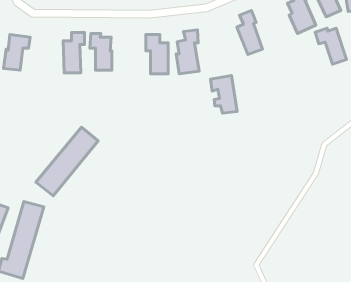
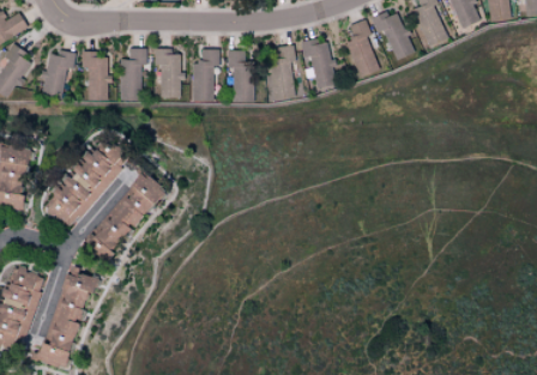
building: [315,28,346,64] -> [372,12,412,59]
building: none -> [191,49,219,102]
building: none -> [82,50,109,101]
building: [210,76,237,113] -> [301,38,336,87]
building: none -> [42,137,128,231]

